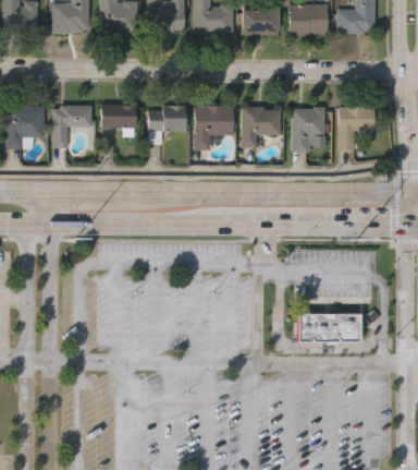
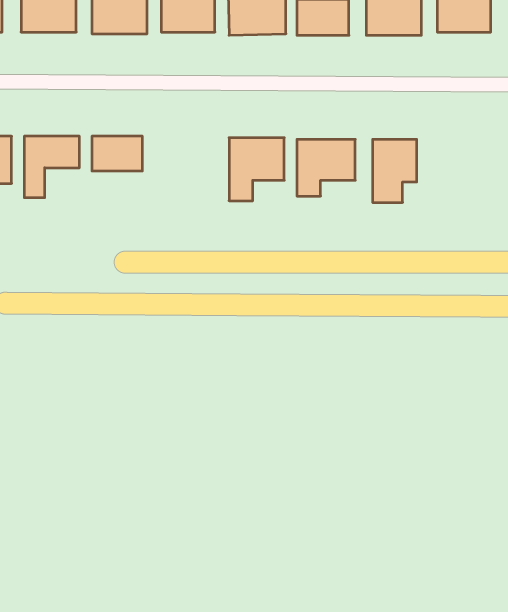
building: [149,105,184,144] -> none
building: [339,107,374,150] -> none
building: [298,312,360,340] -> none

